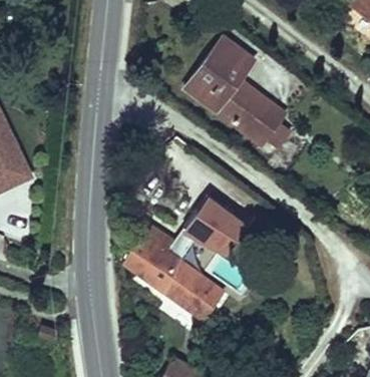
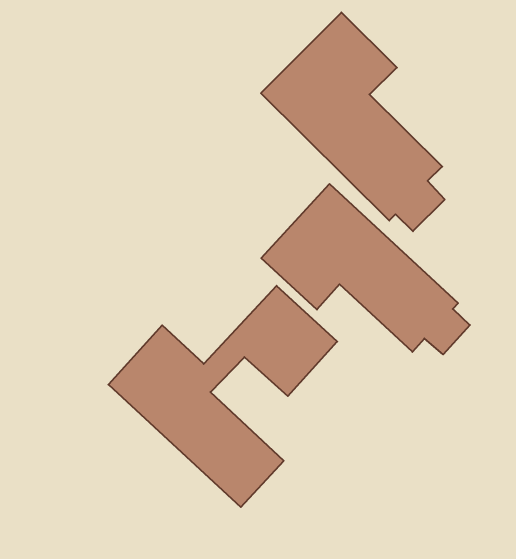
building: none -> [261,184,470,354]

